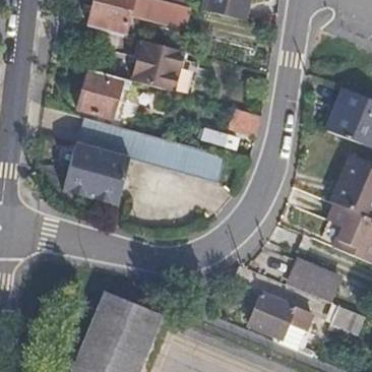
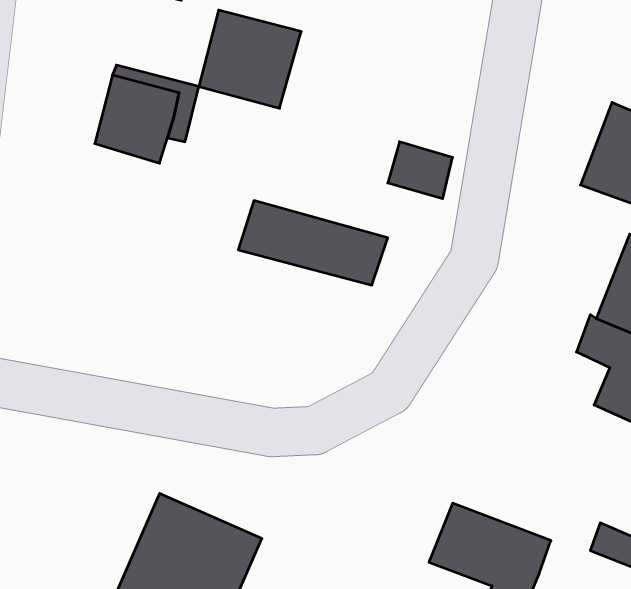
building: [62,118,159,202] -> none
building: [293,262,345,305] -> none

